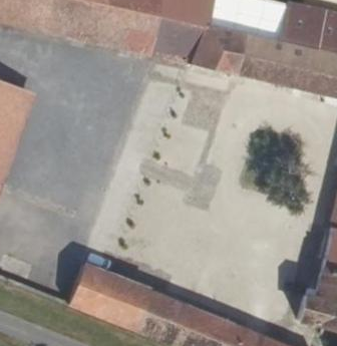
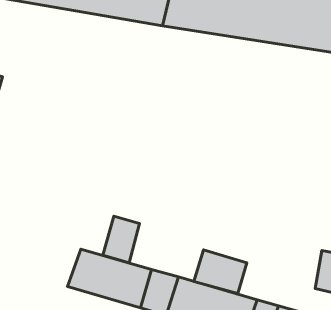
building: none -> [103,216,139,263]
building: none -> [194,250,247,293]

